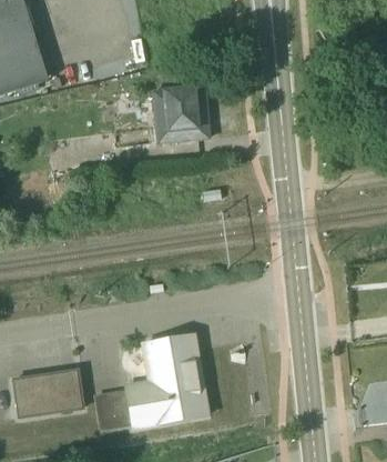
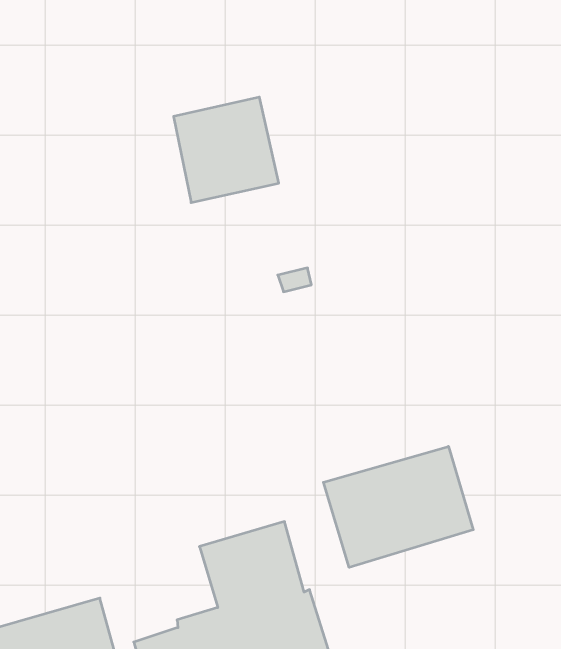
building: none -> [323,446,473,567]

